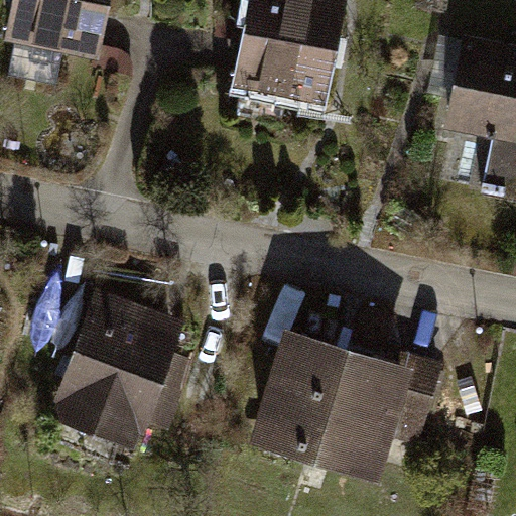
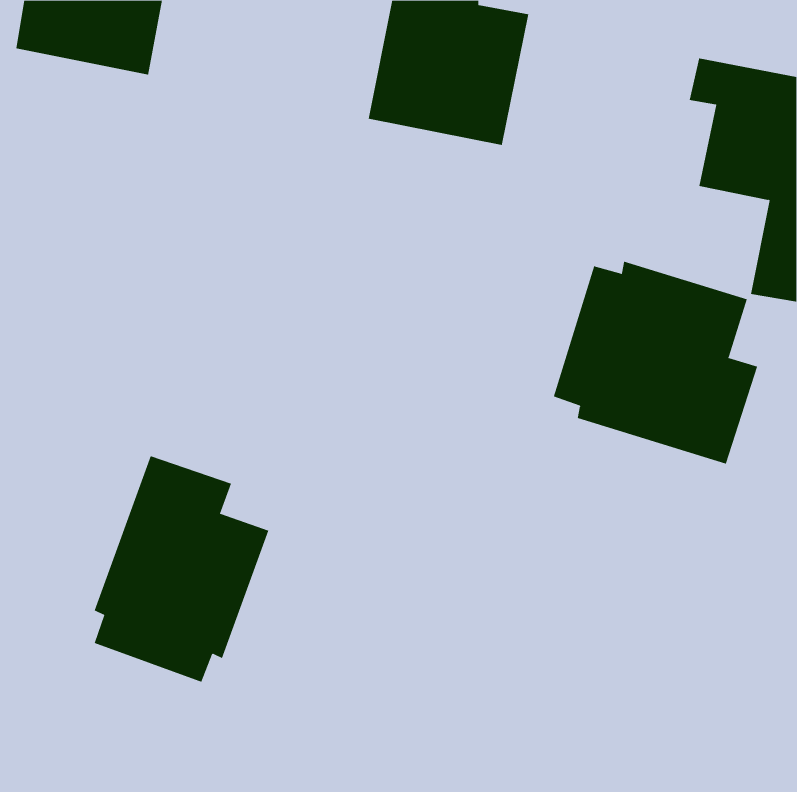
building: none -> [553,261,758,464]
building: [264,342,437,468] -> none

